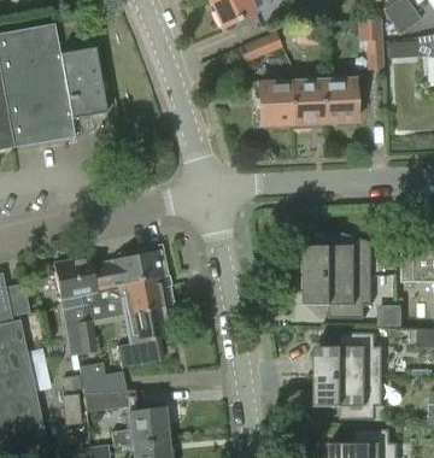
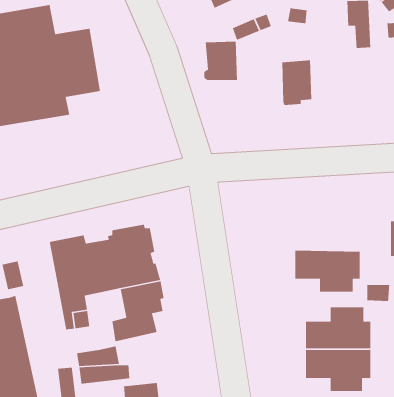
building: [321,78,358,121] -> none
building: [257,82,292,123] -> [204,41,238,81]
building: [304,227,371,275] -> none

